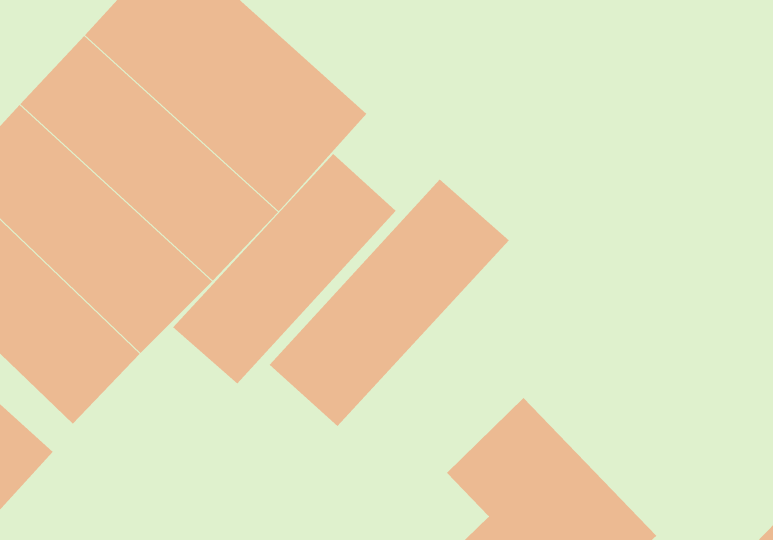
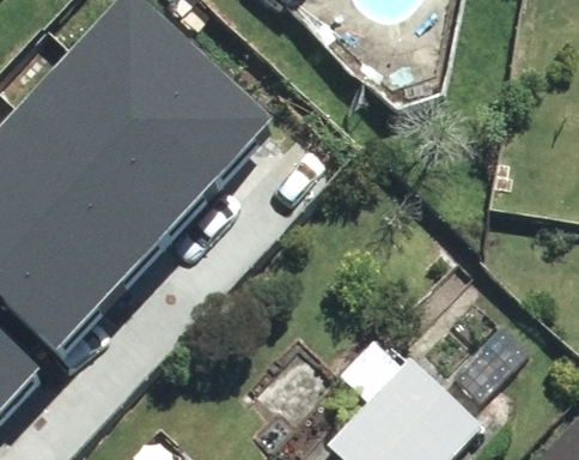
building: [172,153,397,385] -> none
building: [269,178,510,427] -> none

